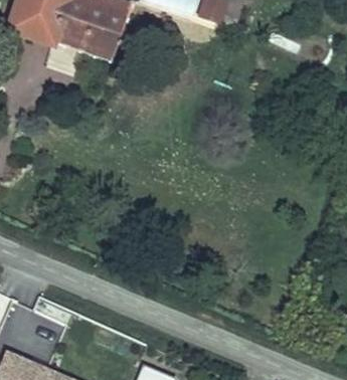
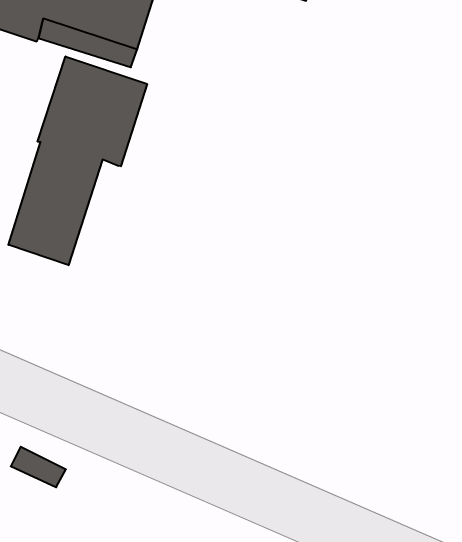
building: none -> [8,56,147,265]

